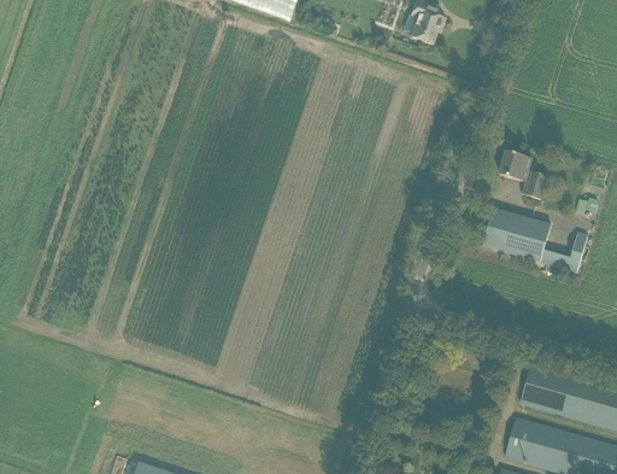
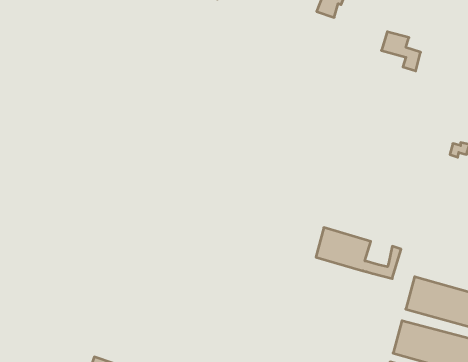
building: [499,150,547,198] -> [381,32,421,71]
building: [483,207,588,270] -> [316,228,401,279]

